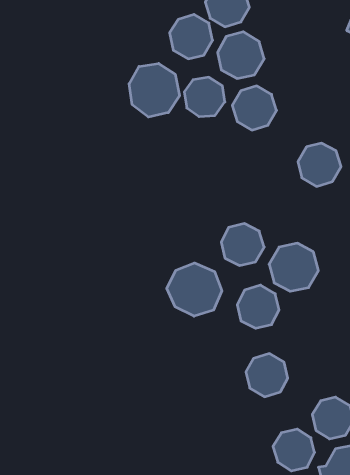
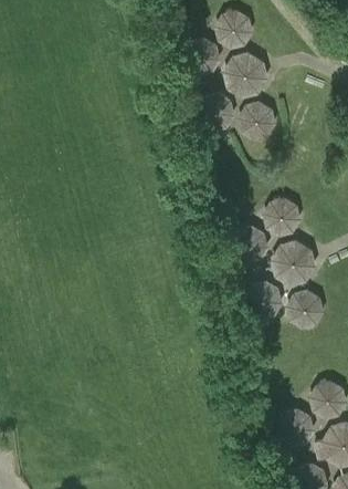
building: [129,63,180,117] -> none
building: [298,143,341,186] -> [263,196,302,235]
building: [167,263,222,316] -> none
building: [246,354,288,397] -> [286,290,324,329]

